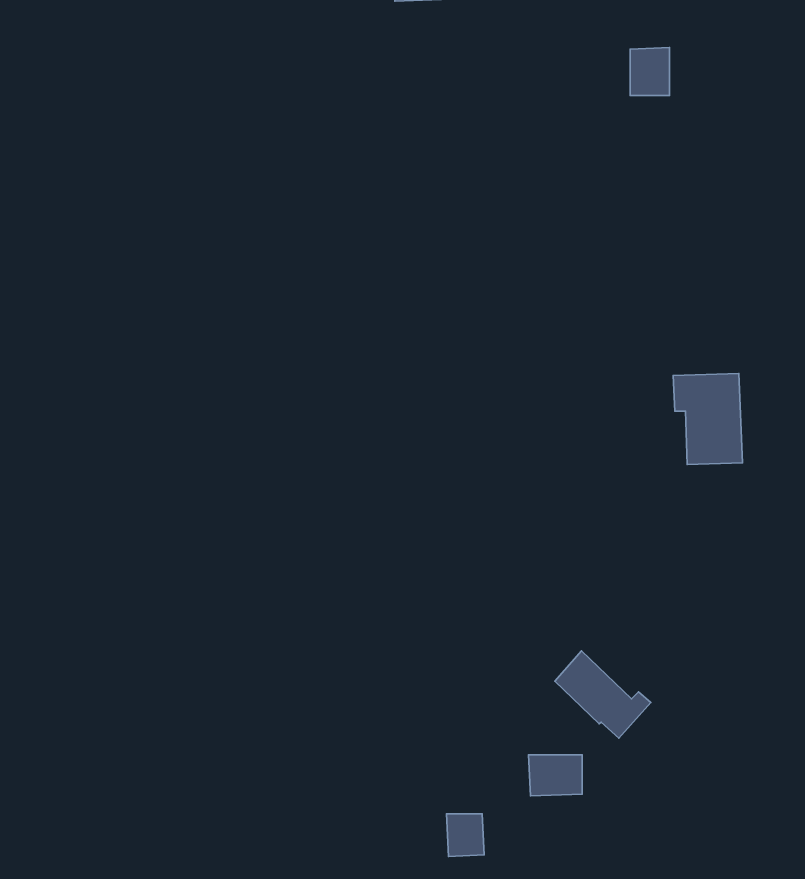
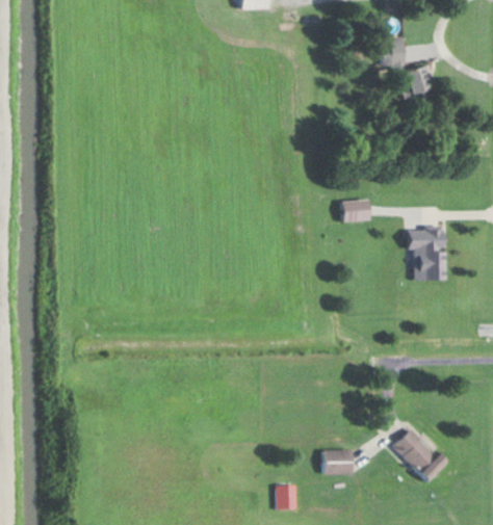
building: none -> [406,67,435,97]
building: none -> [342,200,370,221]
building: [555,651,651,738] -> [392,429,448,480]

